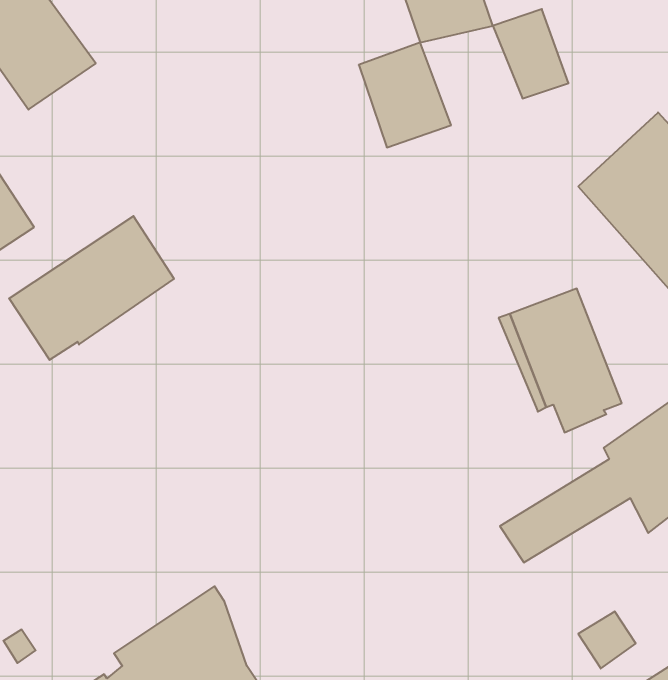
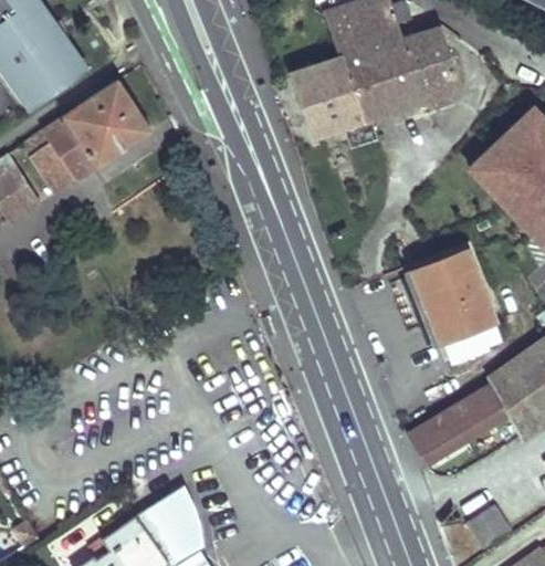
building: none -> [344,41,425,119]
building: [9,216,174,360] -> [20,77,150,191]

